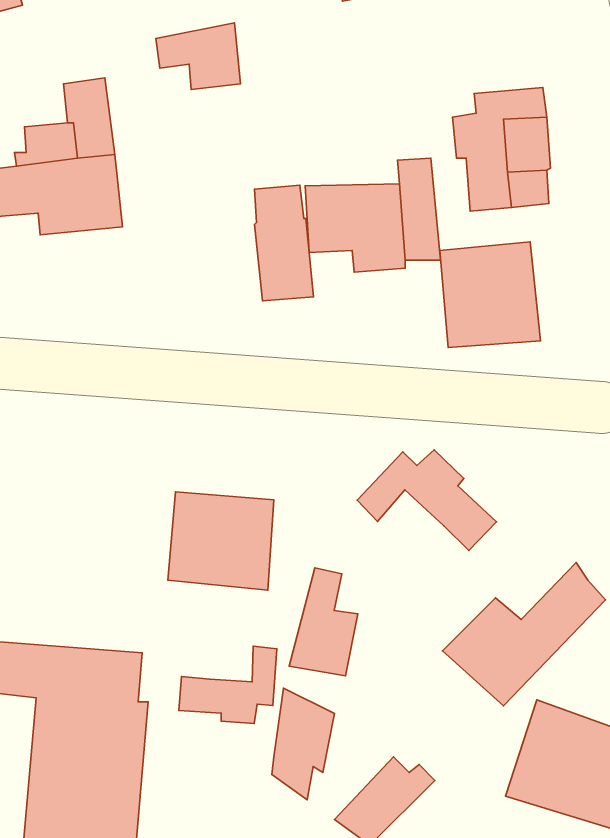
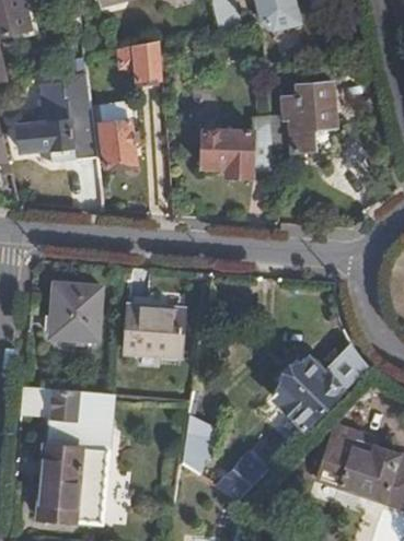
building: [255,185,314,301] -> [103,98,136,163]
building: [440,242,540,347] -> none
building: [357,450,497,551] -> none
building: none -> [47,284,101,349]
building: [289,568,358,676] -> none
building: [179,646,277,724] -> none

